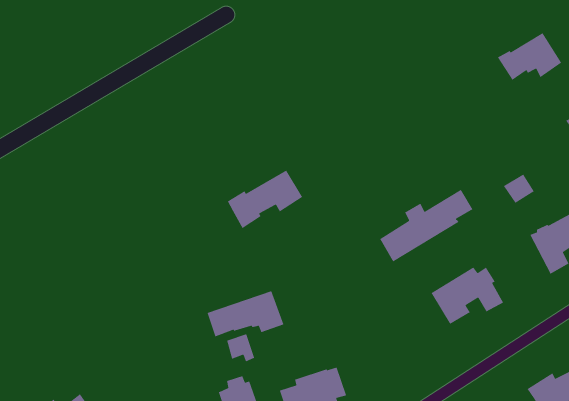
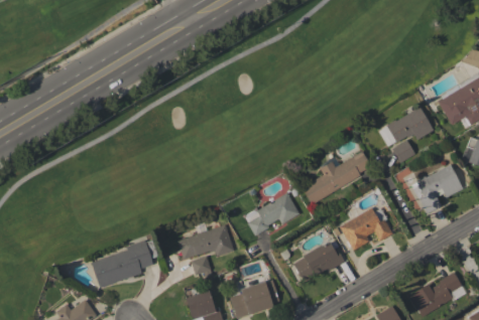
building: [497,32,562,81] -> [385,107,433,142]
building: [227,169,303,229] -> [243,192,298,235]
building: none -> [91,239,157,287]
building: none -> [302,242,344,276]

